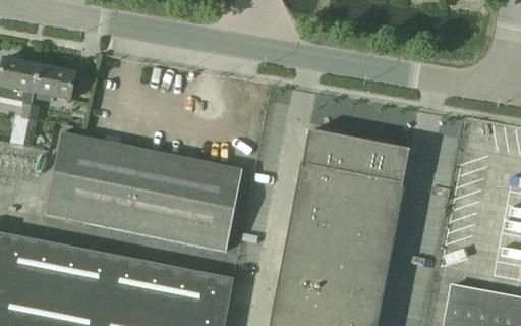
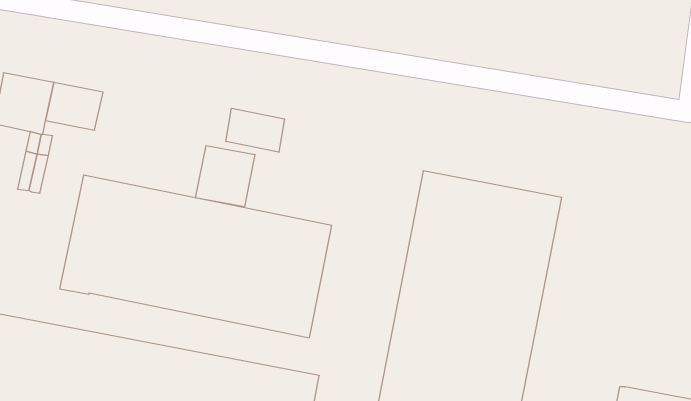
building: none -> [226,108,285,152]
building: none -> [196,146,255,207]

